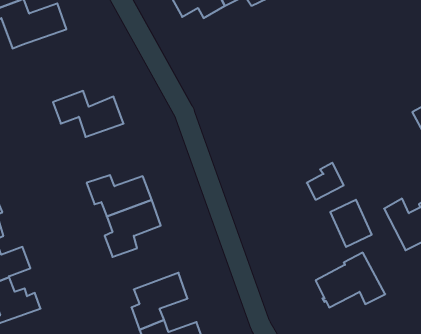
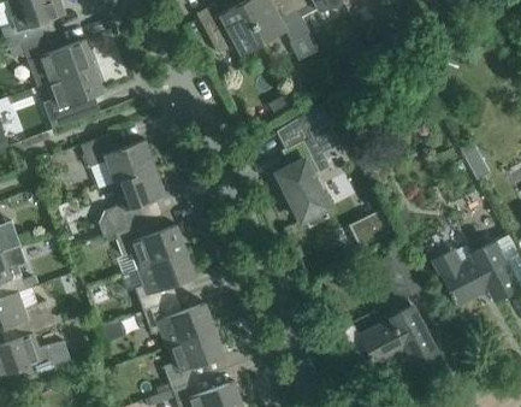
building: none -> [43,67,105,130]
building: none -> [278,100,339,228]
building: none -> [99,169,166,238]
building: none -> [144,302,215,347]

